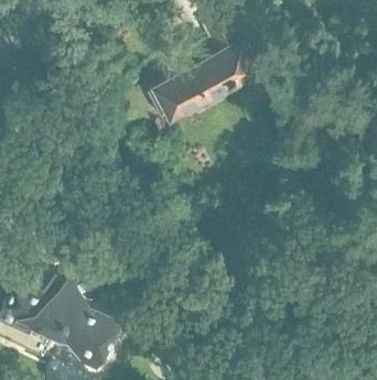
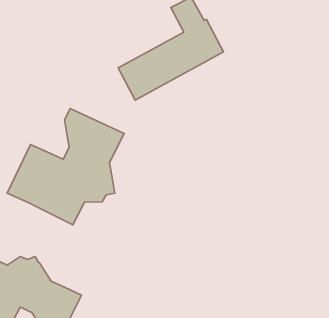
building: none -> [7,108,124,225]

